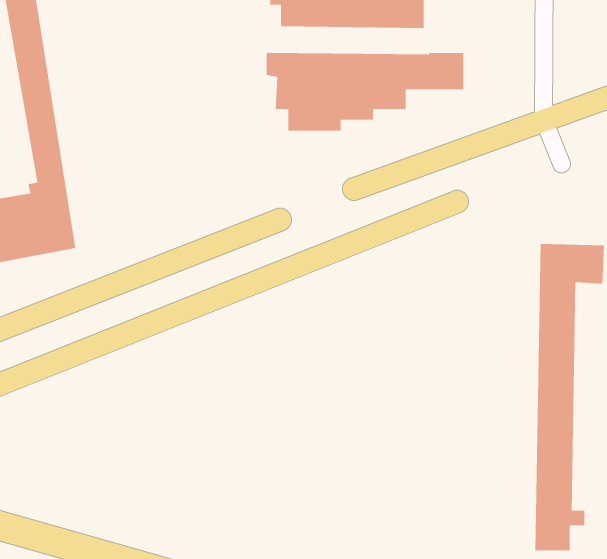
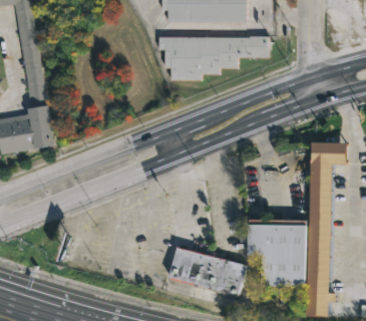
building: none -> [249,217,306,284]
building: none -> [169,245,248,294]

